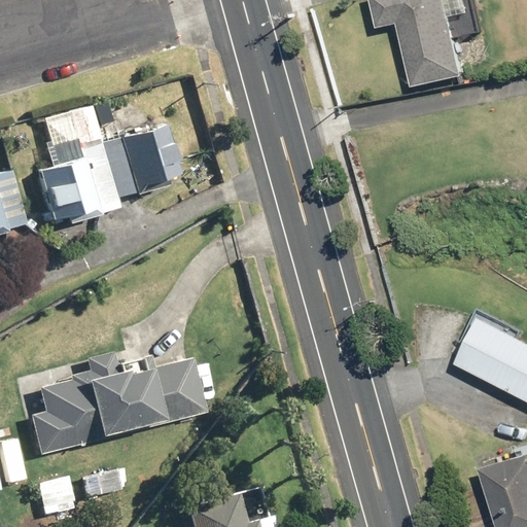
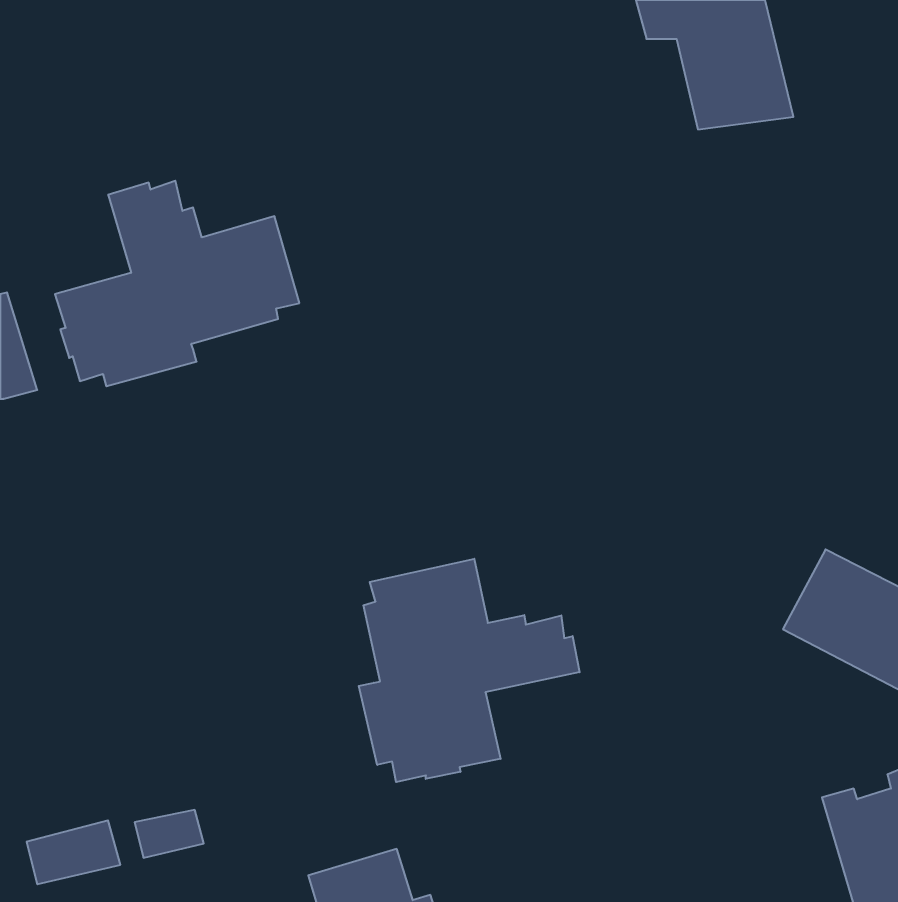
building: none -> [359,559,580,782]
building: [12,338,204,449] -> none

